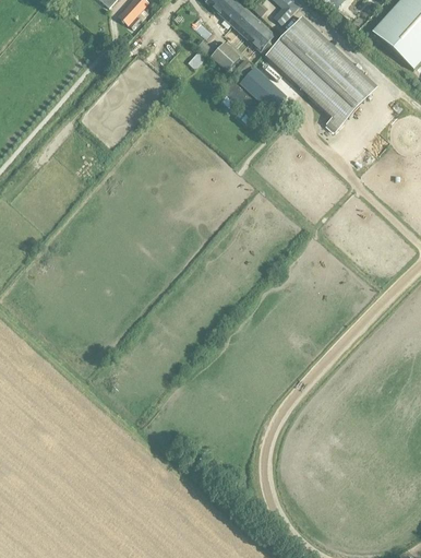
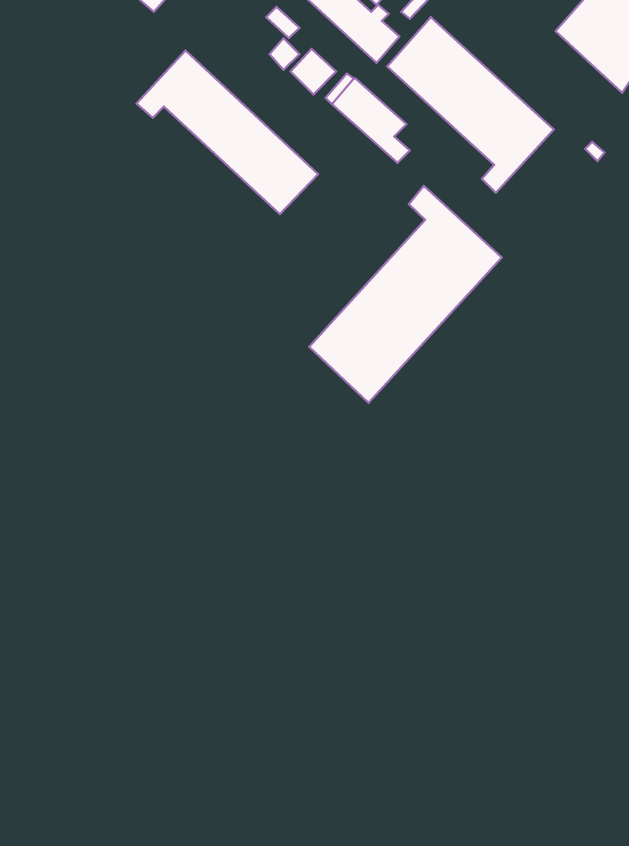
building: none -> [136,51,318,214]
building: none -> [309,186,502,403]

